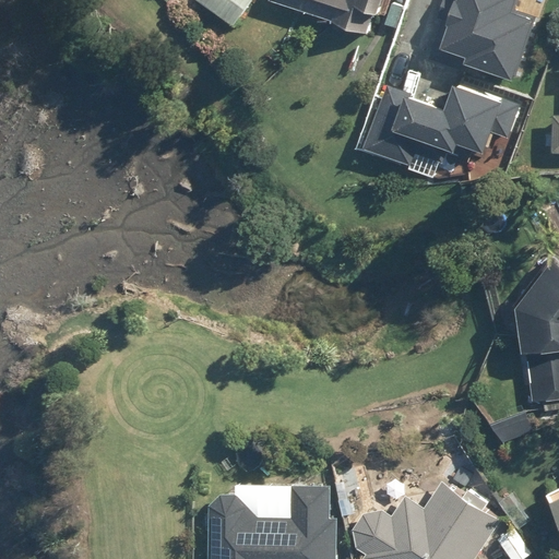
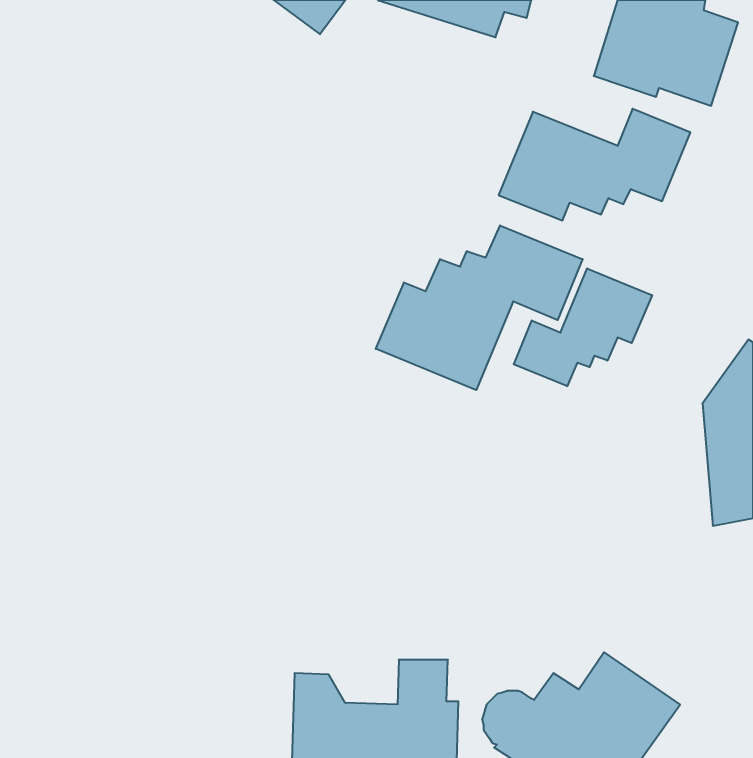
building: none -> [376,225,583,390]
building: none -> [514,268,652,386]

